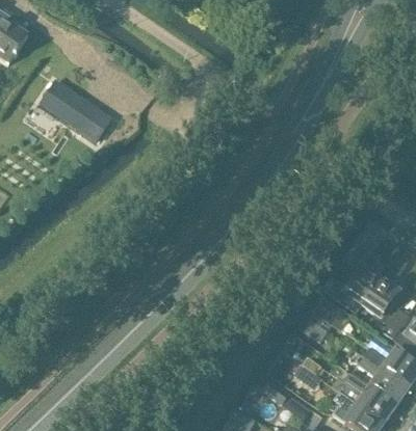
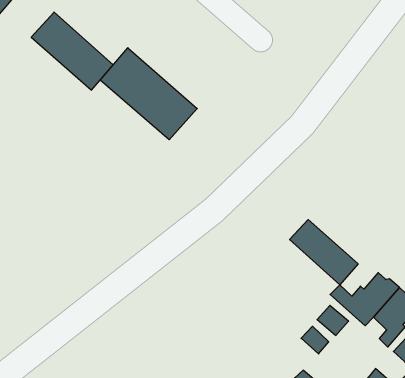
building: none -> [100,48,197,140]
building: none -> [290,220,358,285]

